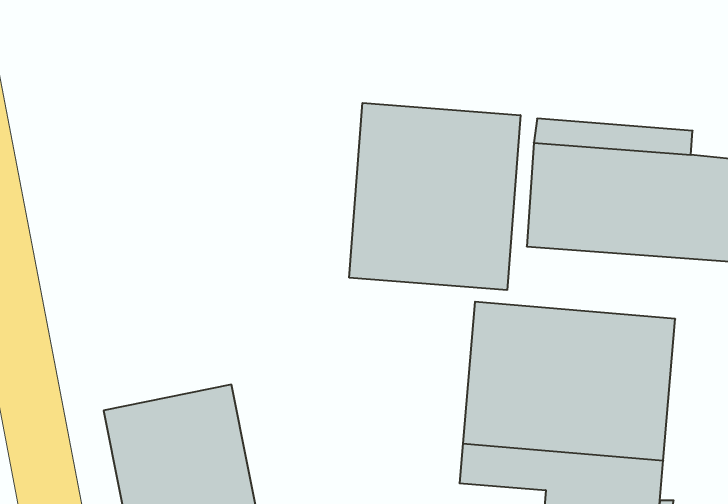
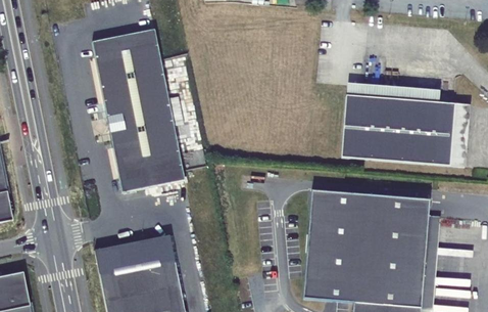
building: none -> [93,29,187,192]
building: [349,103,520,290] -> none

